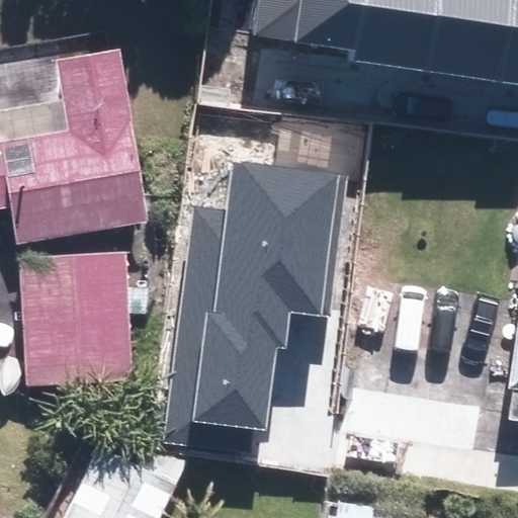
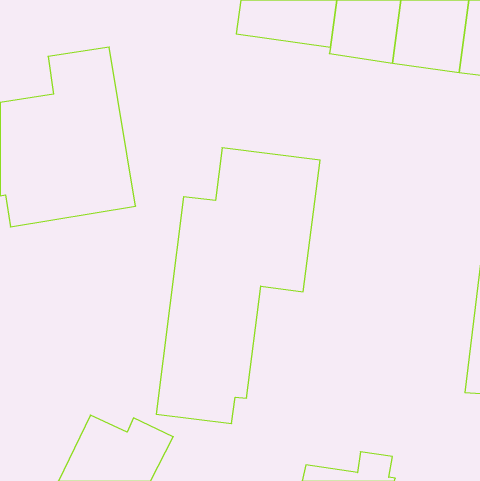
building: [16,250,135,391] -> none

